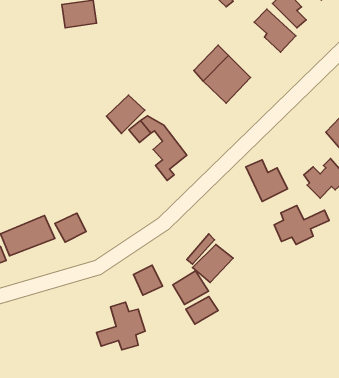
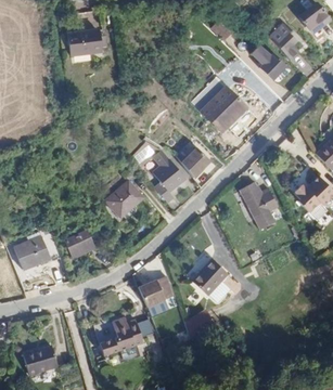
building: [107,95,145,133] -> [107,184,143,220]
building: none -> [181,149,213,178]
building: [274,205,329,244] -> none
building: [173,271,208,304] -> none
building: none -> [23,342,59,373]

